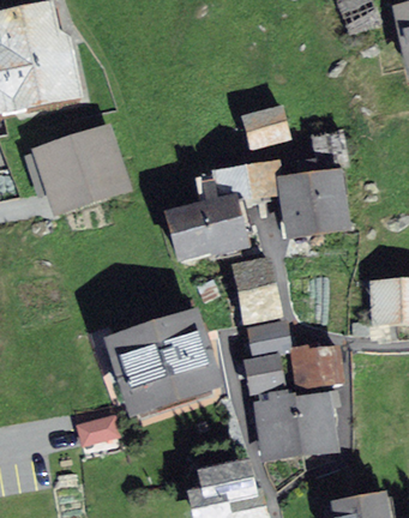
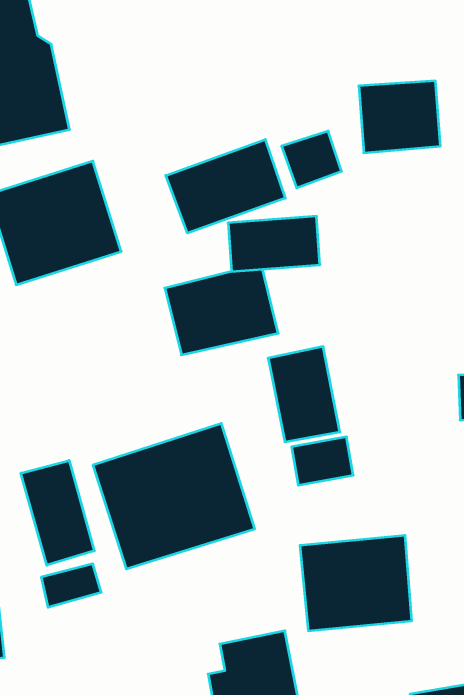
building: none -> [166,139,285,233]
building: [284,168,343,219] -> [359,81,440,153]
building: none -> [21,460,94,565]
building: [293,344,344,387] -> none
building: [245,353,287,393] -> none

